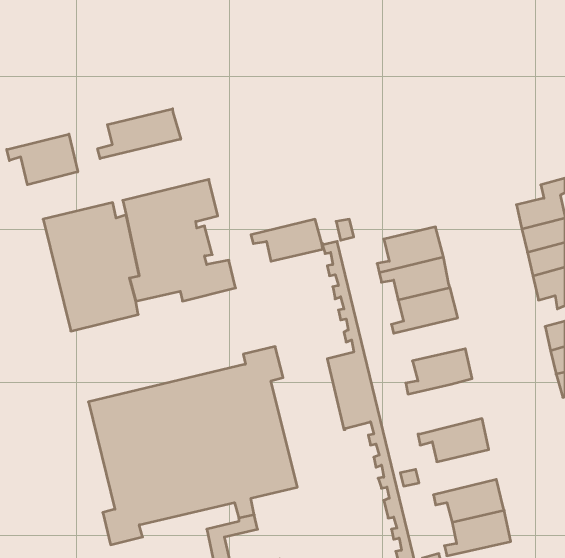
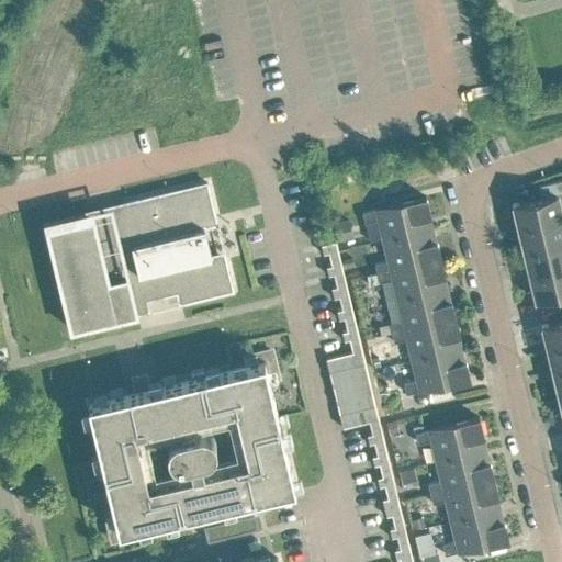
building: [98,109,181,159] -> none
building: [7,134,78,185] -> none
building: [251,219,323,261] -> [361,203,432,245]
building: none -> [391,323,462,366]
building: none -> [428,453,493,498]

